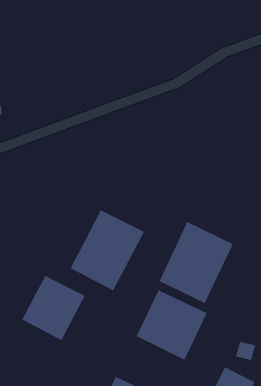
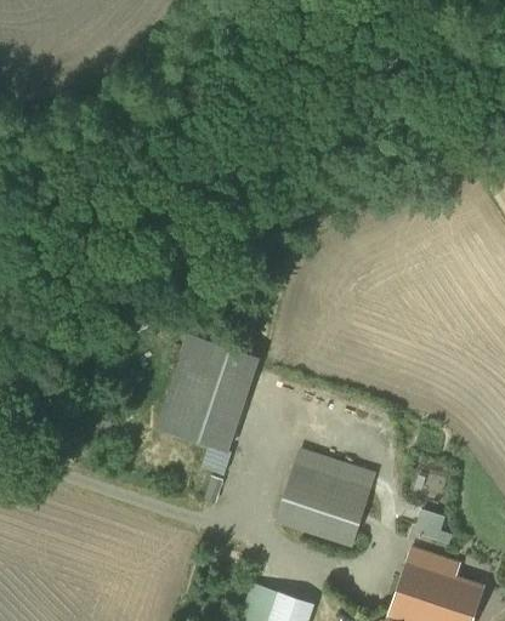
building: [158,221,234,304] -> none
building: [21,275,86,341] -> none

